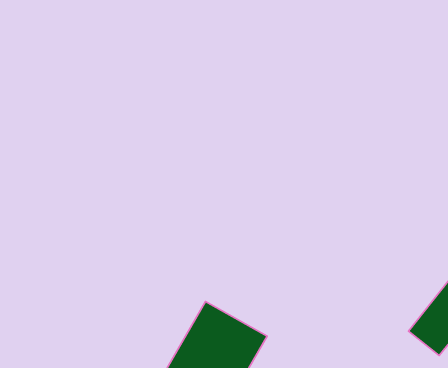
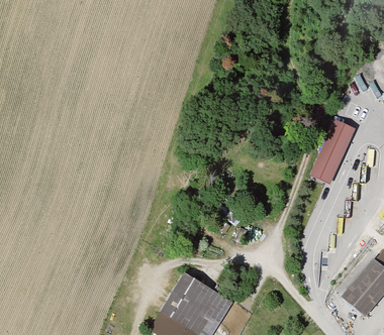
building: none -> [312,127,354,187]

